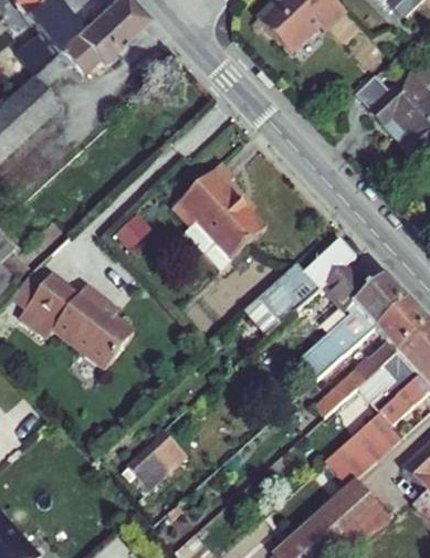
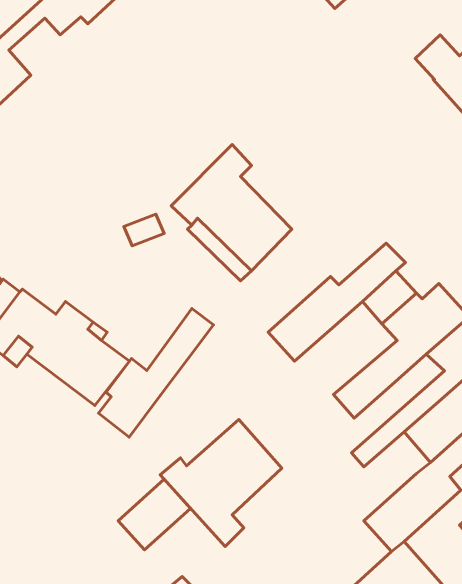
building: none -> [98,308,213,437]
building: none -> [160,420,282,546]

